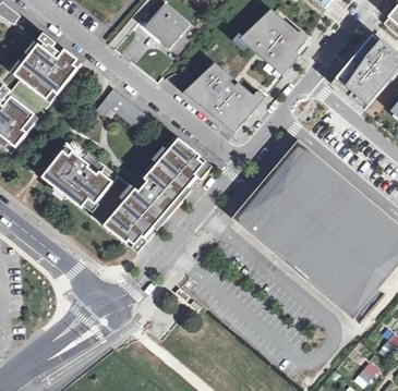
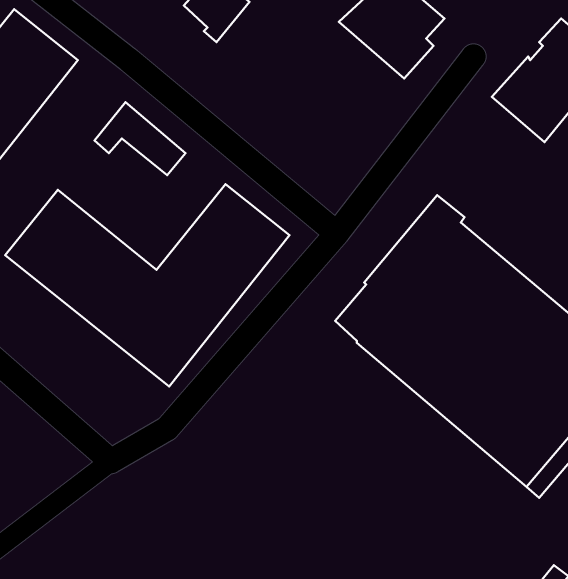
building: [188,62,257,125] -> none

